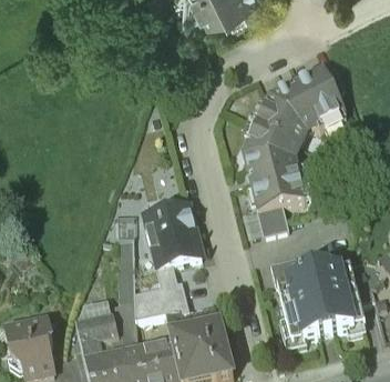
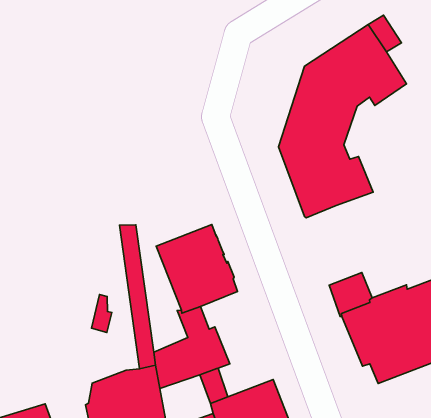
building: [256,199,289,231] -> none

